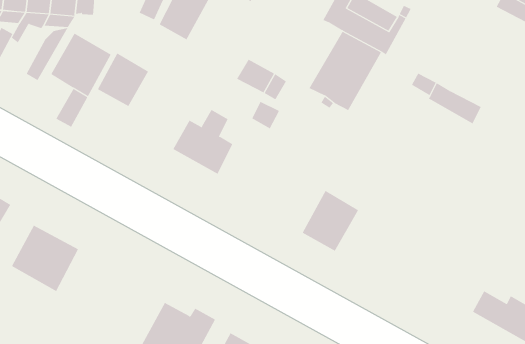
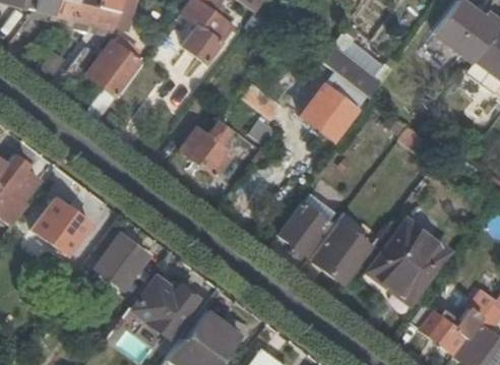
building: [97,53,149,107] -> none
building: none -> [309,210,379,283]
building: none -> [369,220,447,301]
building: none -> [96,233,149,288]

